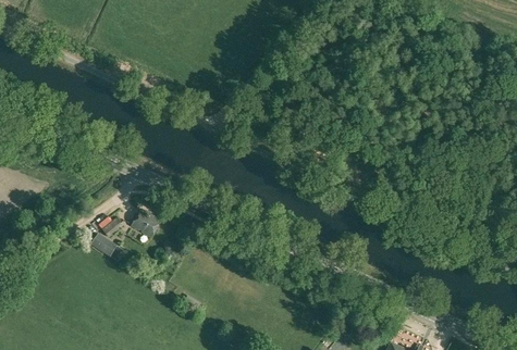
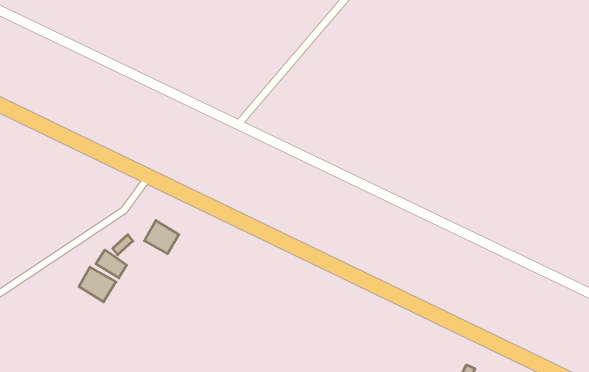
building: none -> [79,267,116,302]

